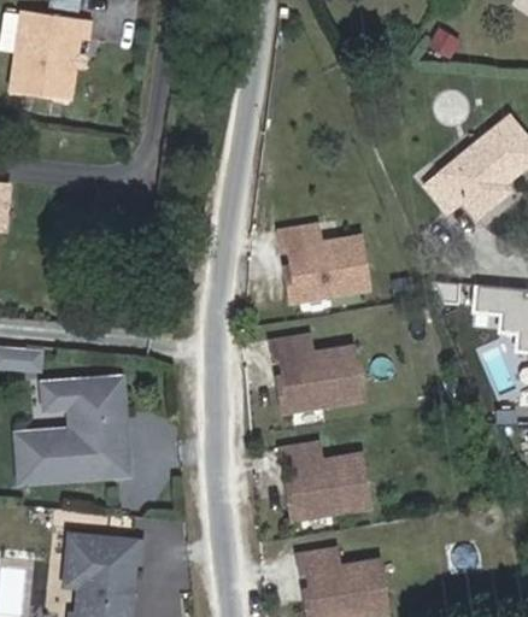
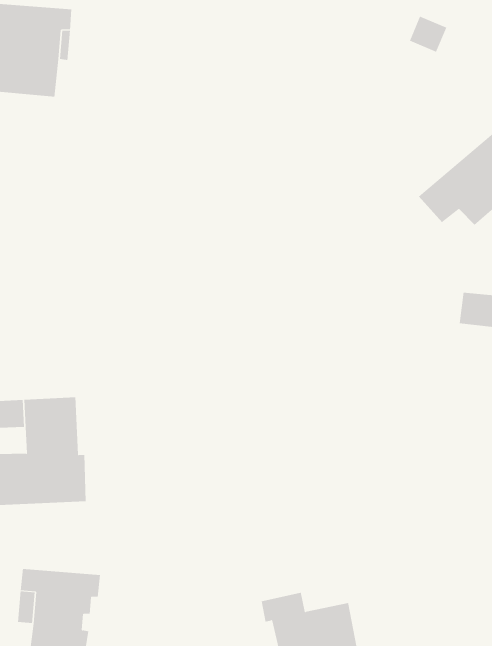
building: [271,227,359,302] -> none
building: [260,337,351,415] -> none
building: [270,447,362,524] -> none

